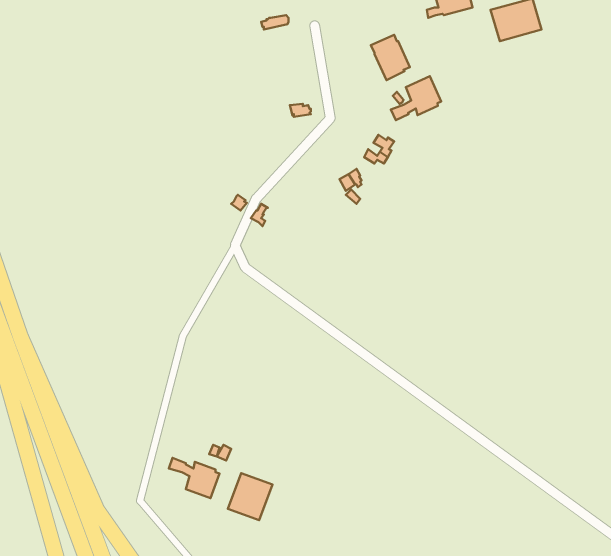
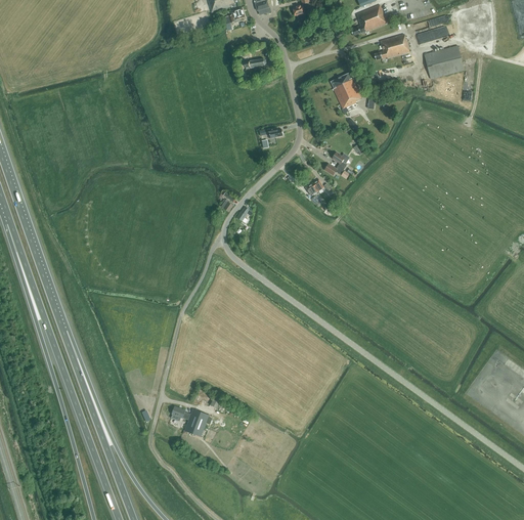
building: [391,76,441,120] -> none
building: [228,473,272,520] -> none

